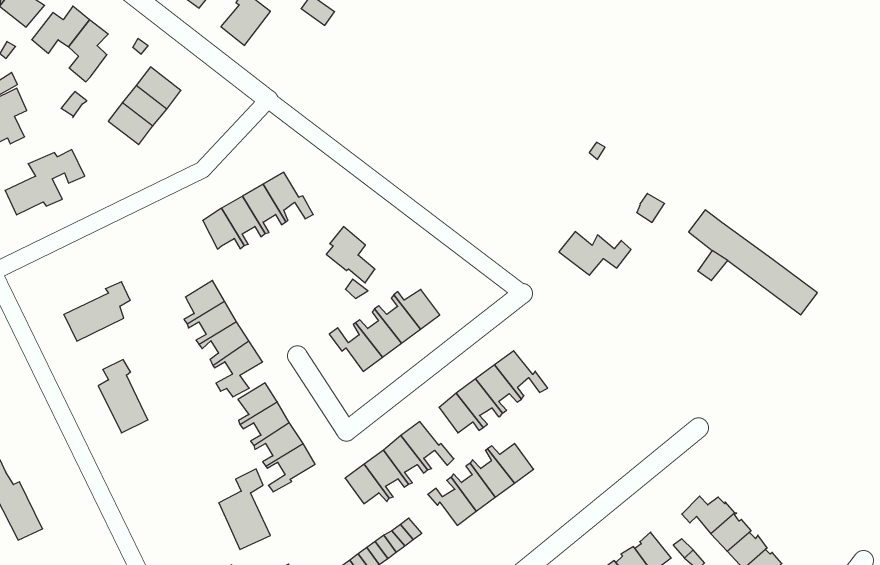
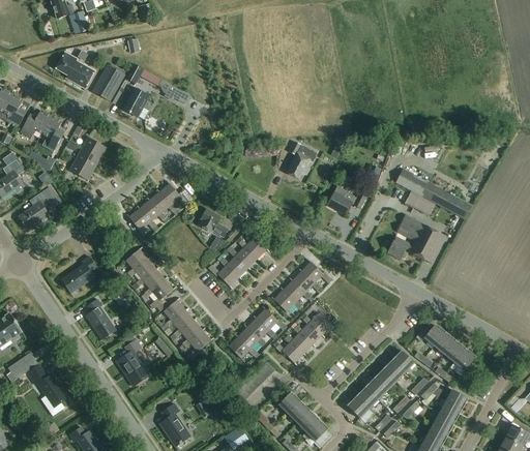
building: none -> [287,141,317,179]
building: none -> [388,214,446,263]
building: [219,469,270,550] -> [118,339,149,385]

